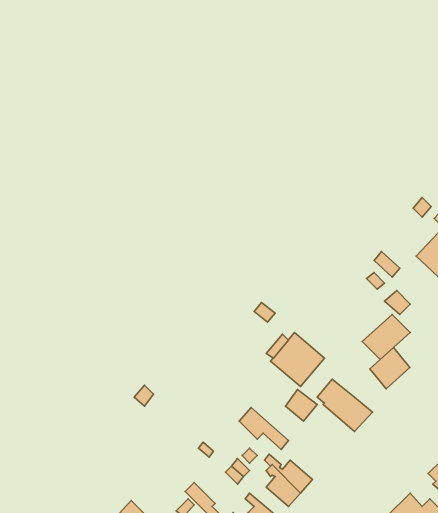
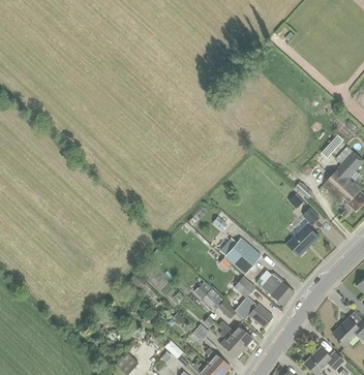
building: [370,348,410,389] -> none
building: none -> [237,298,272,327]

